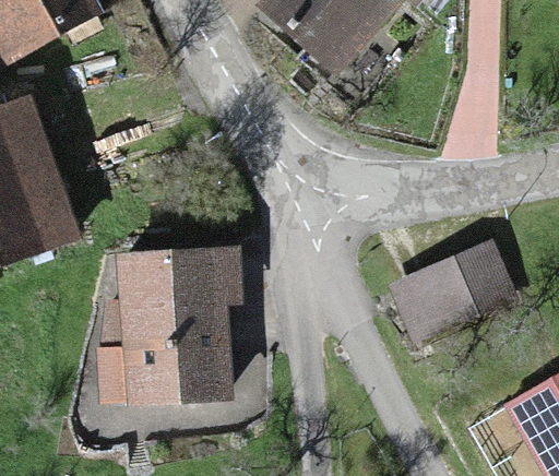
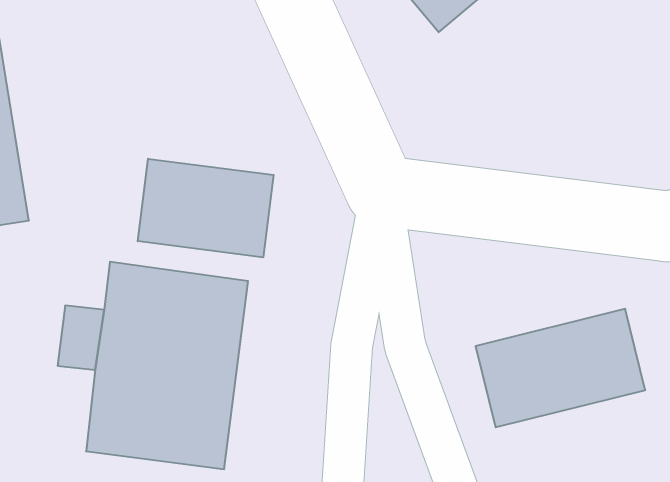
building: none -> [138,159,274,257]

